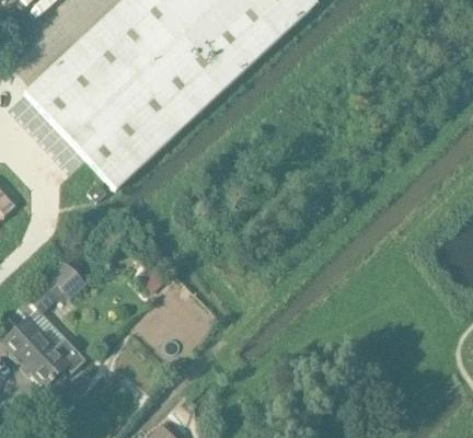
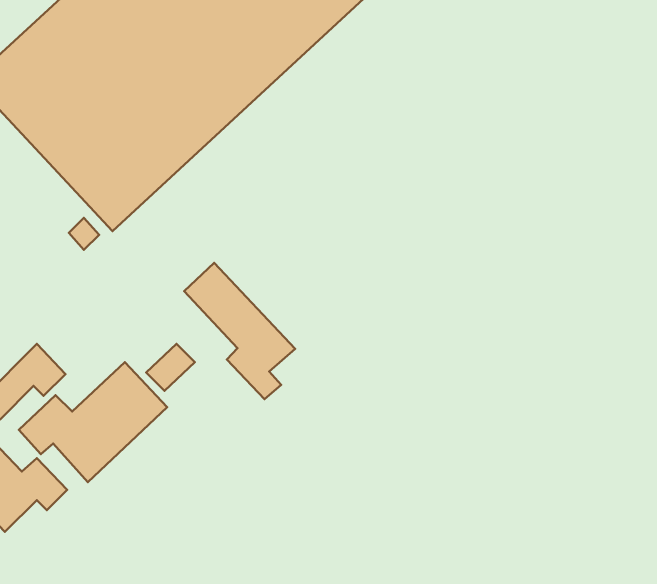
building: none -> [184,263,295,399]
building: none -> [19,362,167,482]

